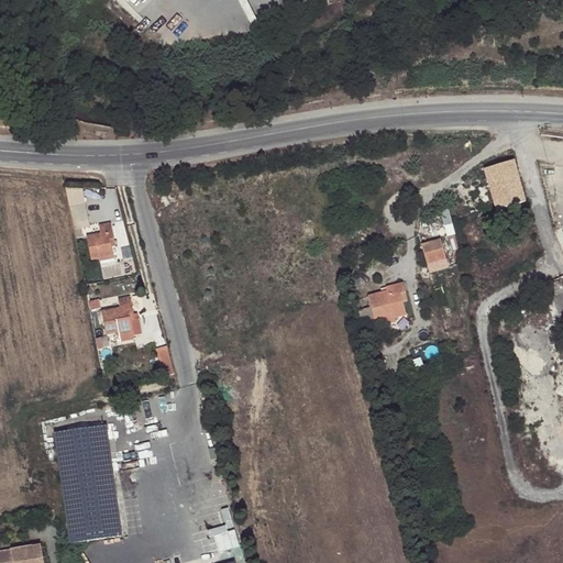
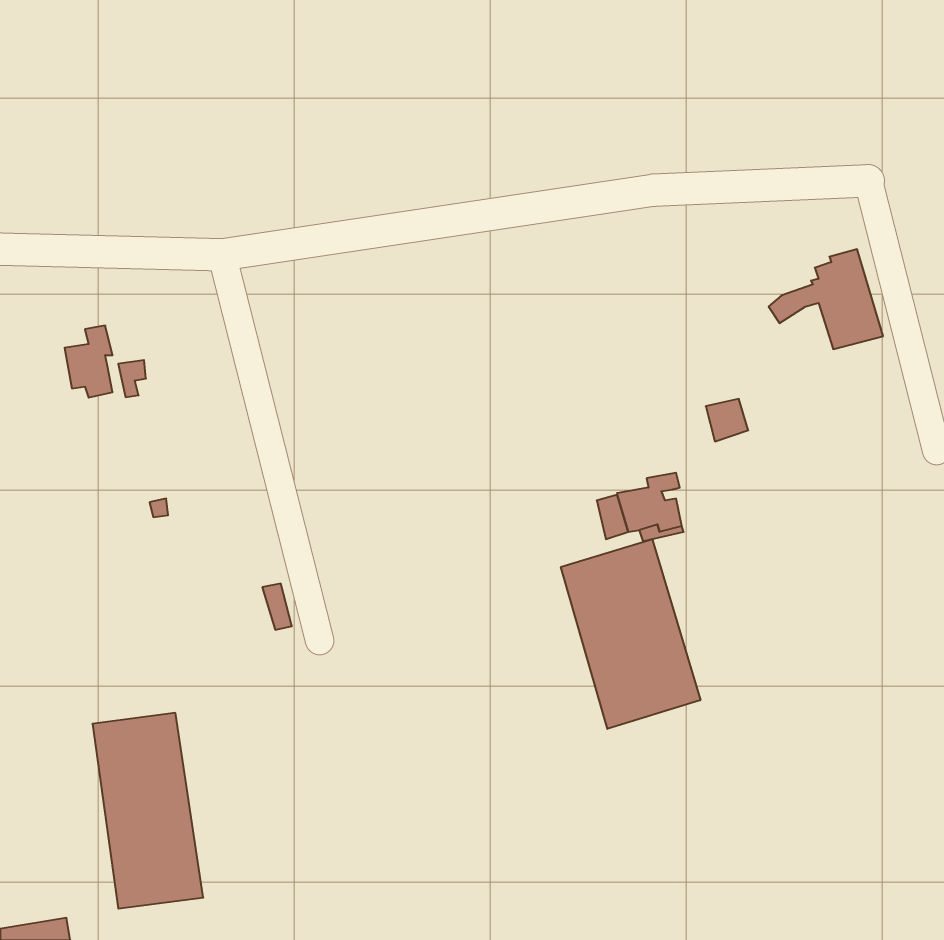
building: [86,221,114,264] -> [65,326,113,398]
building: [101,295,134,340] -> none
building: none -> [561,539,700,729]

